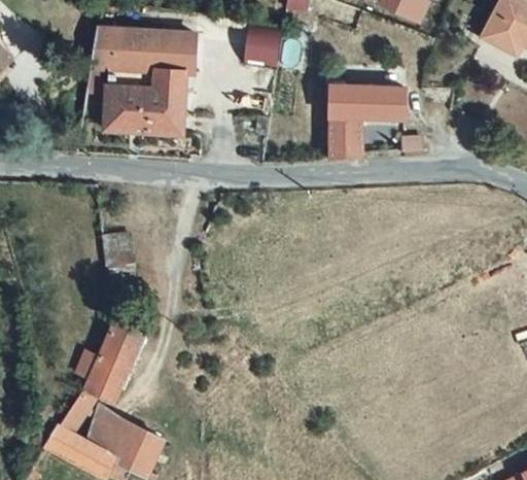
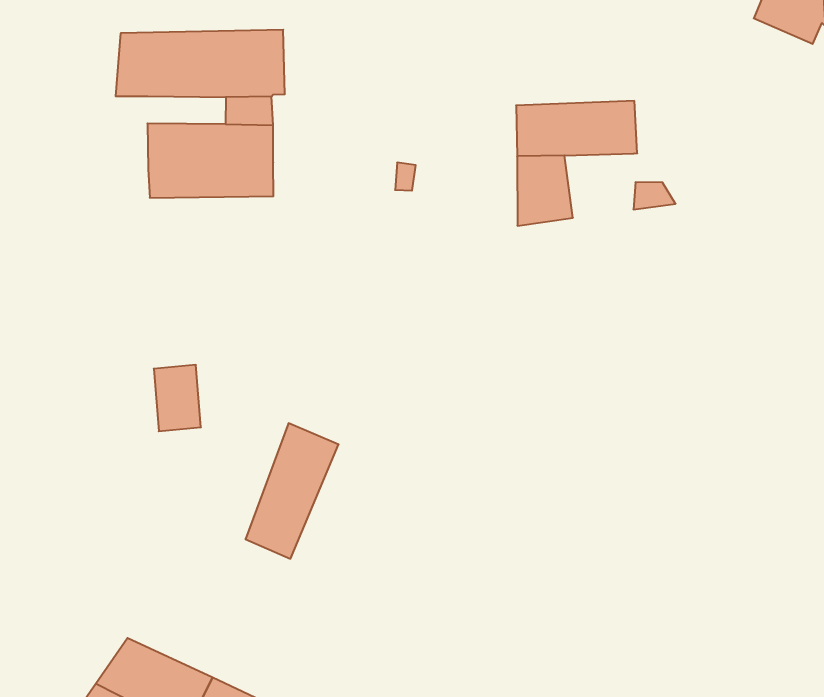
building: [245,24,283,65] -> none
building: [85,318,145,401] -> [245,423,339,559]

